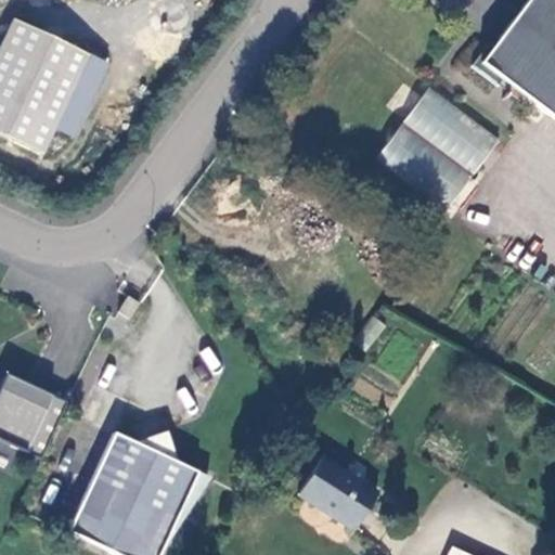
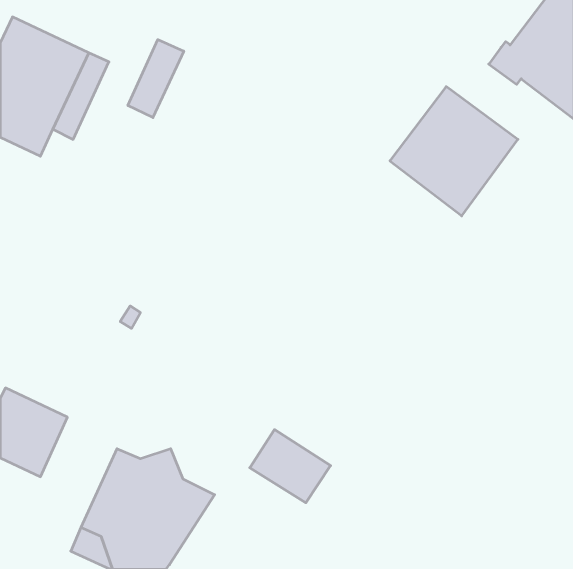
building: none -> [128,40,184,118]
building: [302,459,380,529] -> [250,430,331,503]

